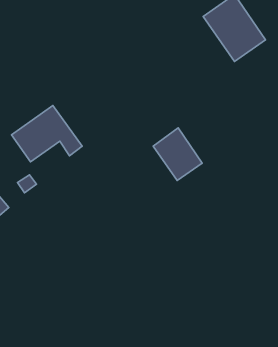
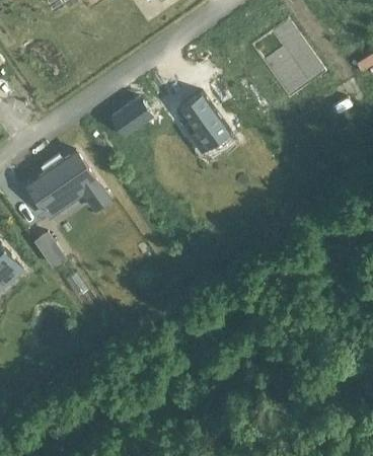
building: none -> [109,96,153,137]
building: [153,128,202,181] -> [172,92,230,154]

